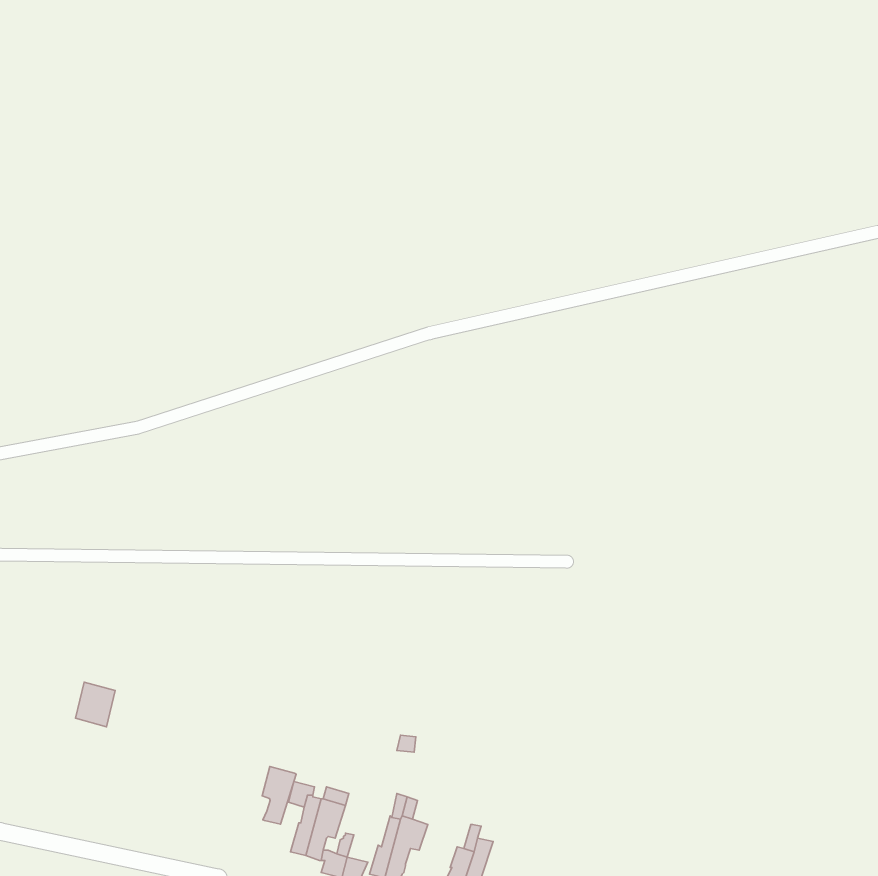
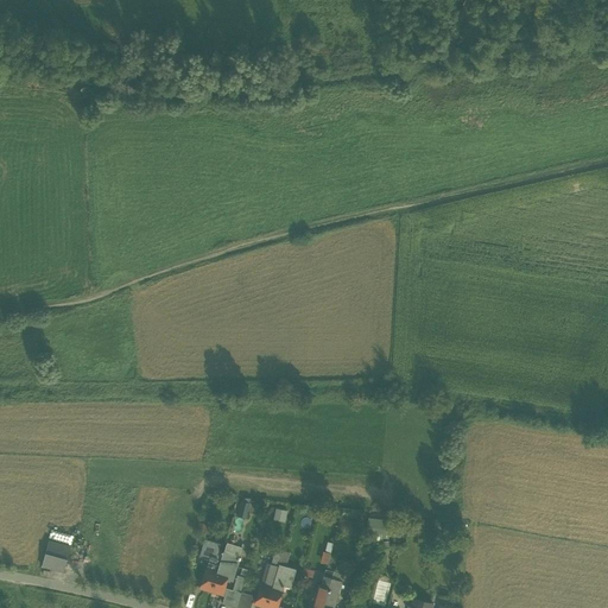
building: [76,682,115,727] -> [42,543,69,574]
building: [262,766,296,824] -> none

